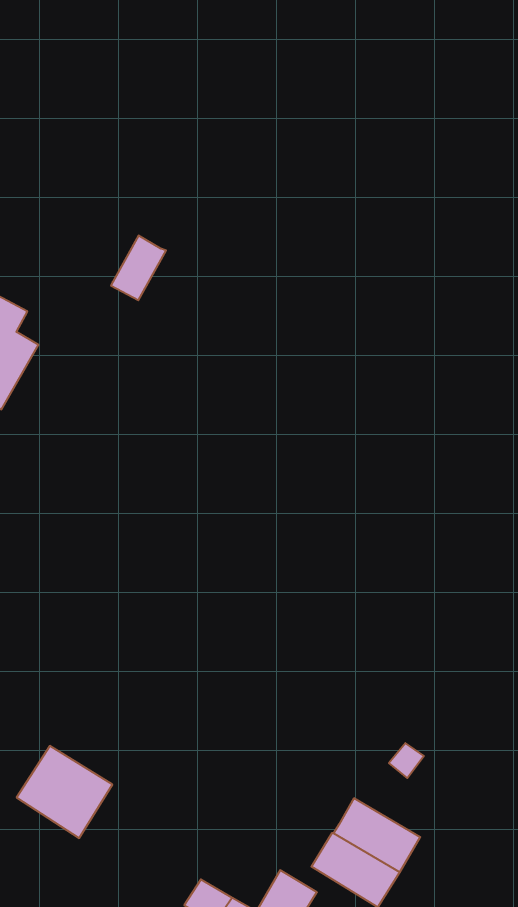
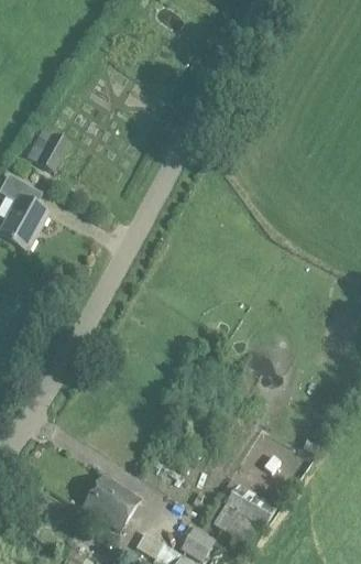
building: [111,236,166,300] -> [36,133,69,172]
building: [17,746,112,838] -> [81,475,139,530]

